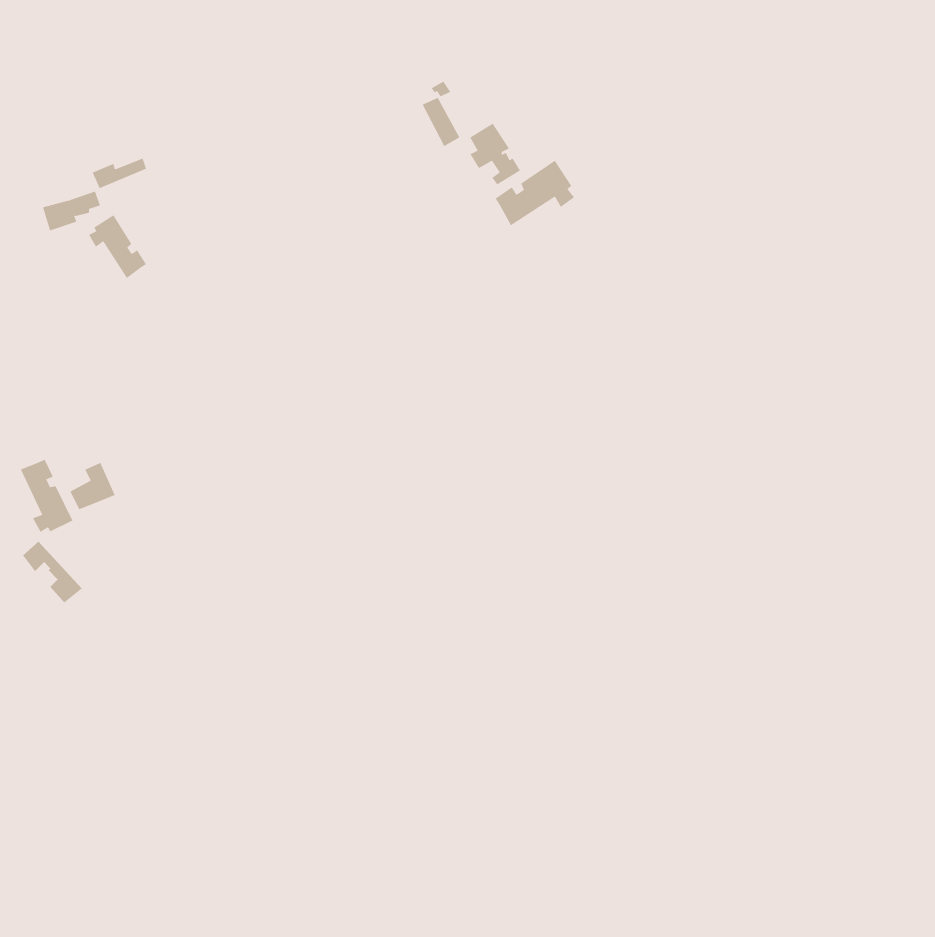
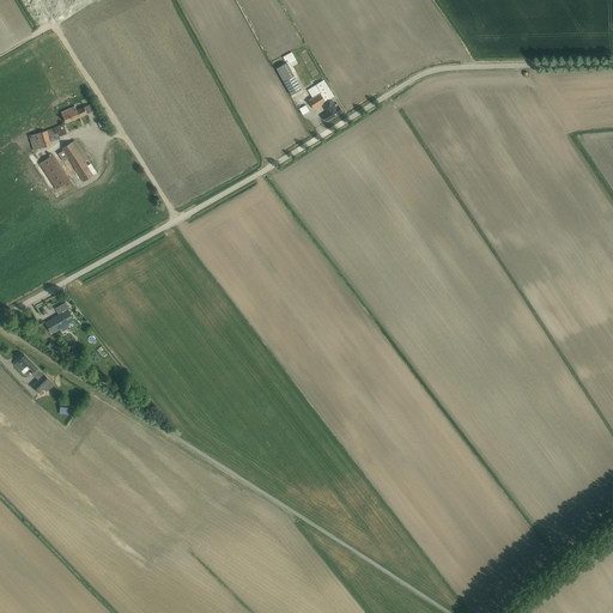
building: [495,160,575,226] -> none
building: none -> [38,154,69,189]
building: [20,459,73,533] -> none

